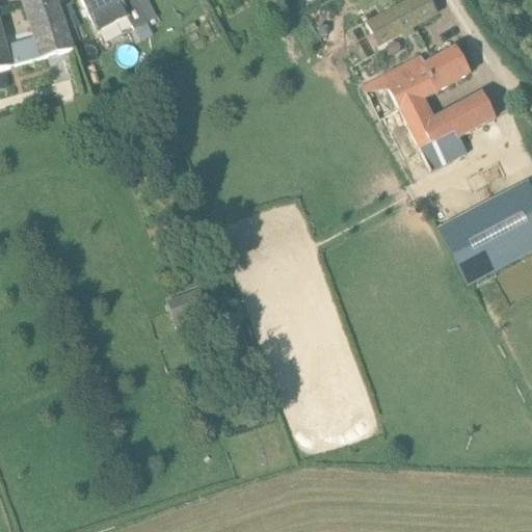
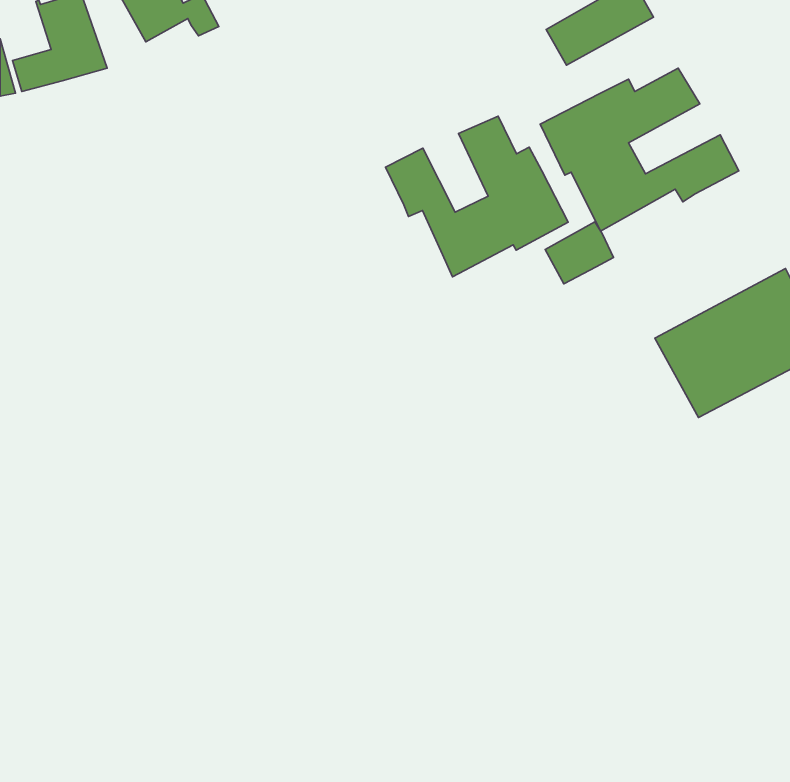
building: none -> [386,116,568,277]
building: [421,127,467,168] -> [545,222,613,284]

